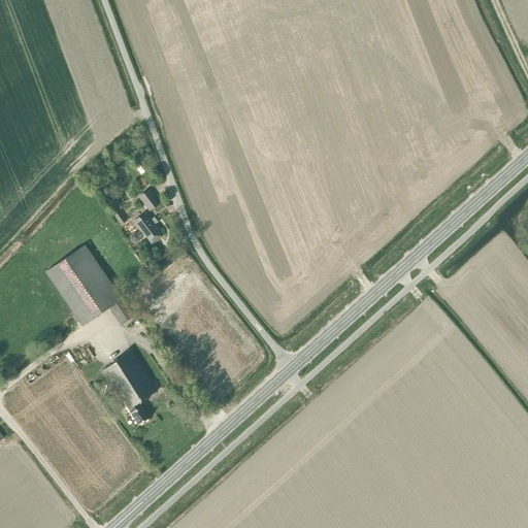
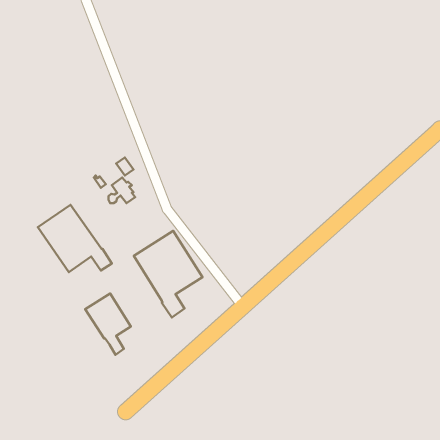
building: none -> [134,231,203,317]

